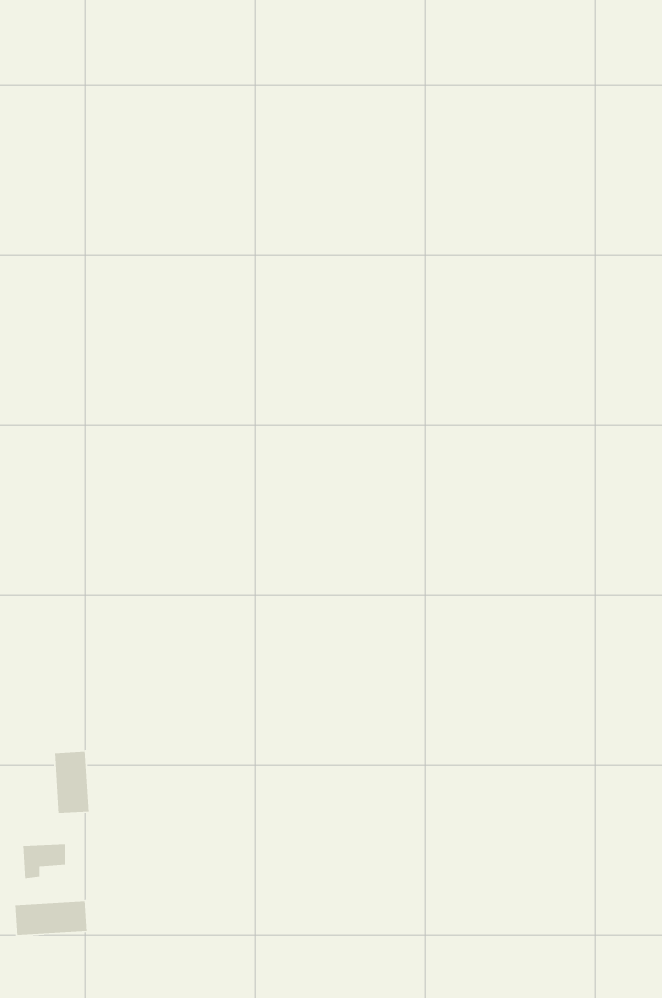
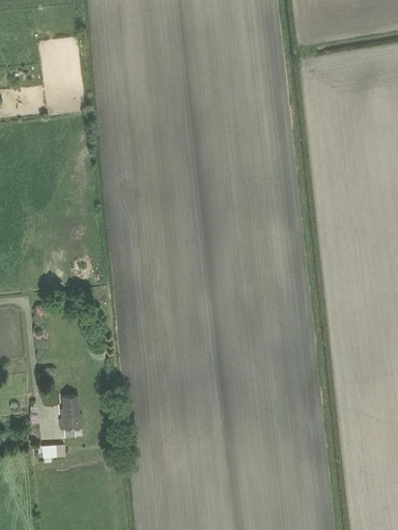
building: [15,901,87,936] -> none

